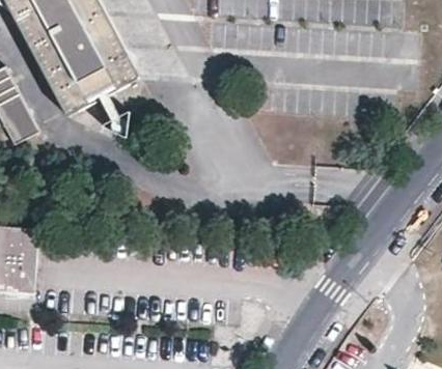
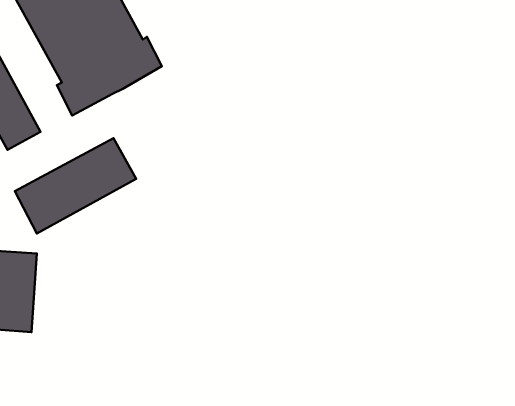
building: none -> [15,138,136,233]

